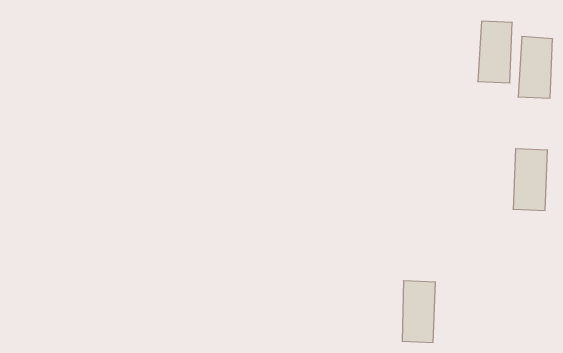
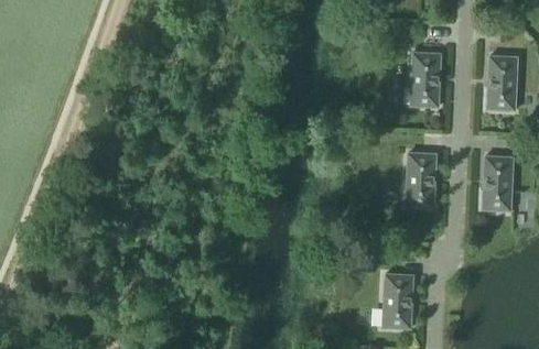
building: [478,21,512,83] -> [409,52,440,107]
building: none -> [405,152,435,207]

